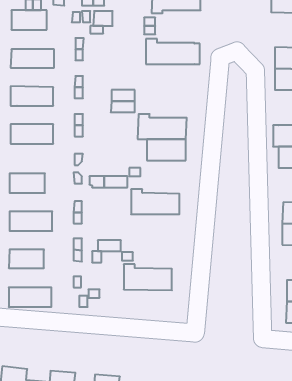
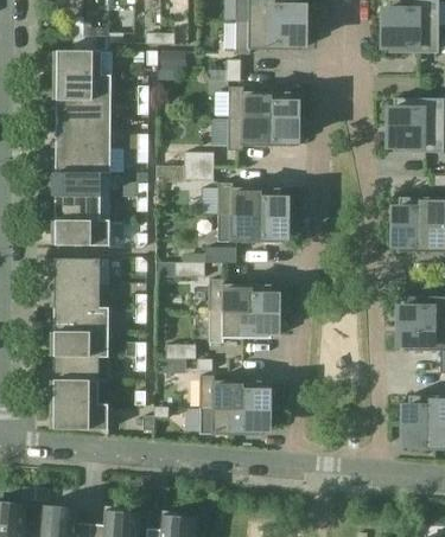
building: none -> [56,75,110,100]
building: none -> [228,119,290,151]
building: none -> [55,123,110,148]
building: none -> [55,172,109,196]
building: none -> [53,220,109,245]
building: none -> [53,283,98,307]
building: none -> [209,311,271,343]
building: none -> [53,332,108,357]
building: none -> [52,379,97,404]
building: none -> [199,407,261,435]

